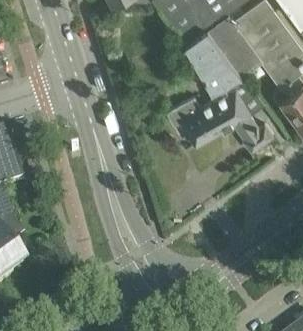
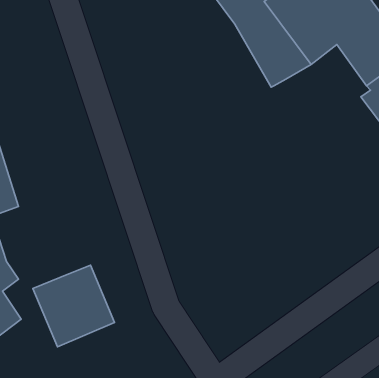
building: [164,70,271,147] -> none
building: none -> [33,265,115,347]

